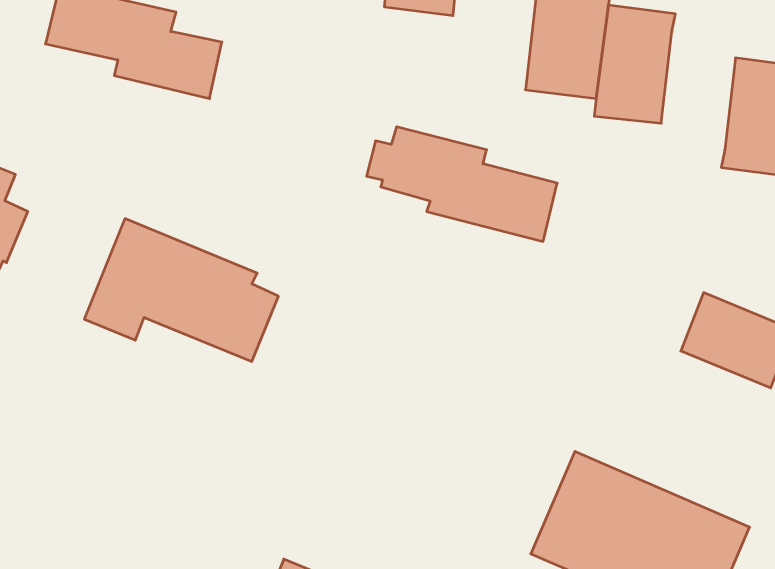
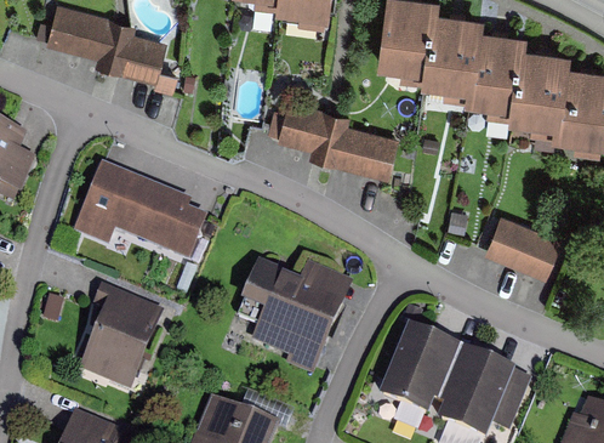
building: none -> [467,32,523,113]
building: none -> [241,257,348,374]
building: none -> [78,282,163,388]

